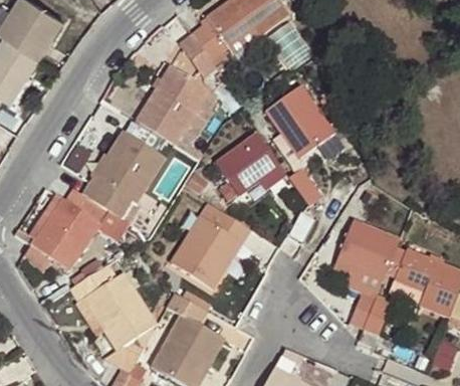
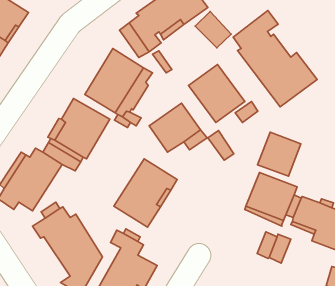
building: none -> [233,10,317,107]
building: none -> [258,132,301,176]

